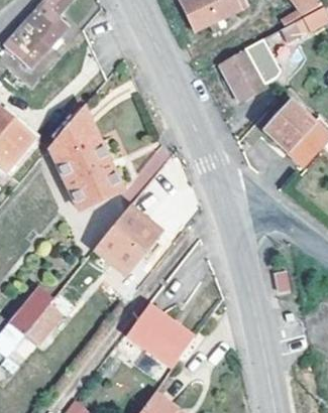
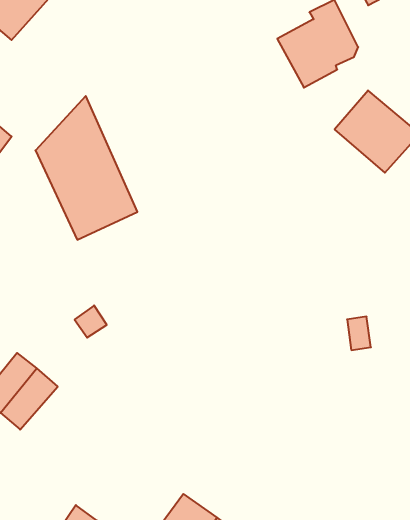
building: [92,203,162,276] -> none
building: [126,307,194,371] -> none

